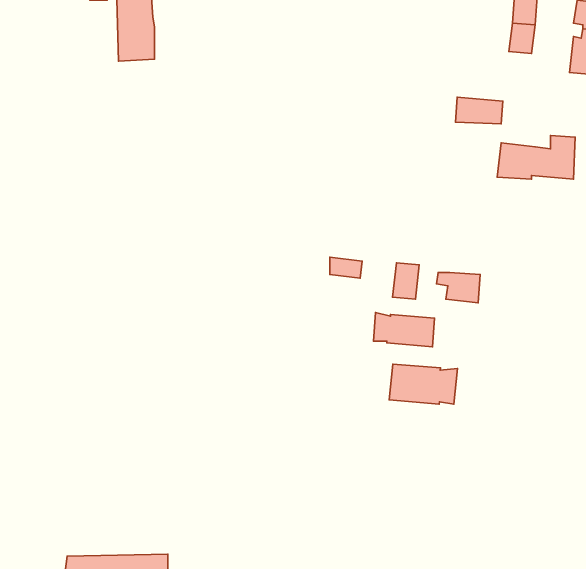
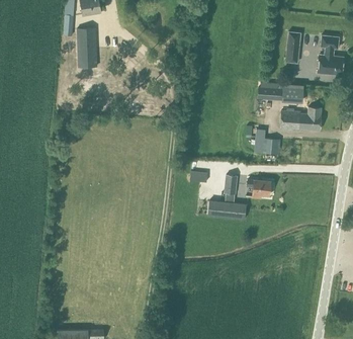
building: none -> [281,83,302,102]
building: none -> [254,129,280,154]
building: [389,364,457,404] -> none

